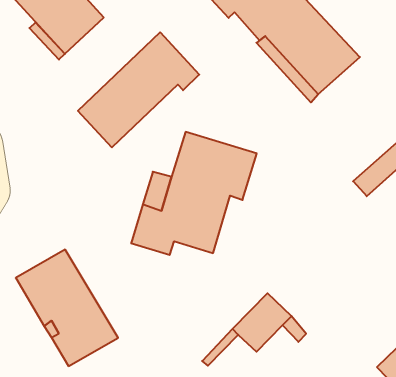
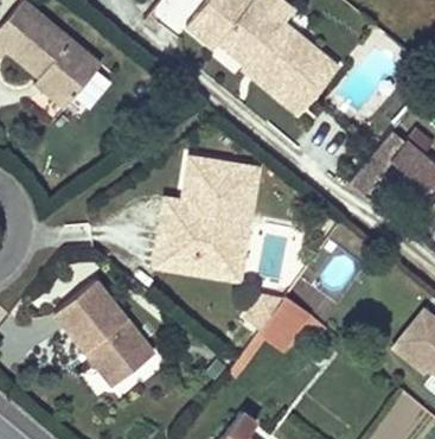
building: [78,32,199,147] -> none
building: none -> [191,210,250,279]

